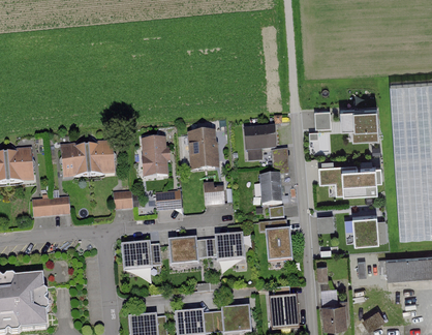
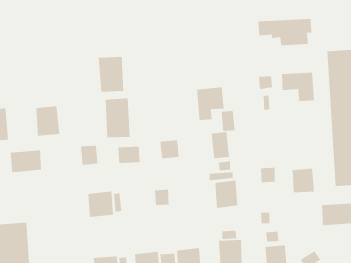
building: [188,130,218,171] -> [98,56,124,92]
building: [87,144,116,178] -> none
building: [318,163,380,194] -> [258,18,312,46]
building: [214,234,243,262] -> none
building: [166,239,197,264] -> none

